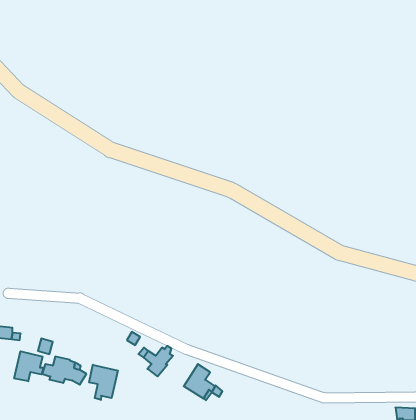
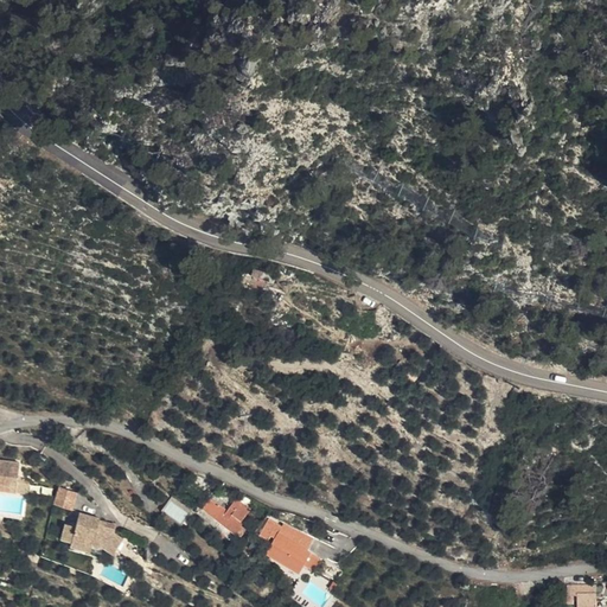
building: [14,351,43,381] -> none
building: [89,365,118,400] -> none

